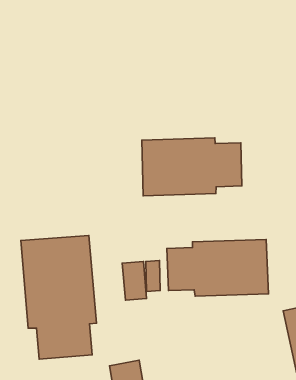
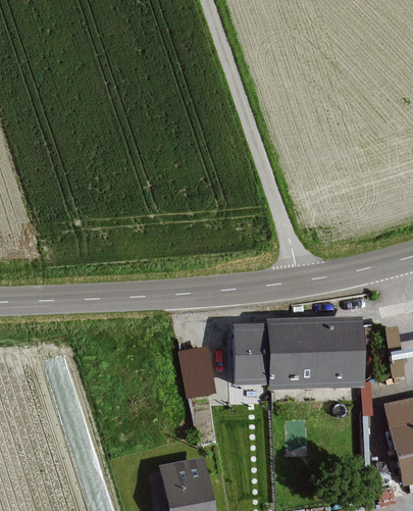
building: [142,138,242,196] -> none
building: [21,235,97,359] -> none

